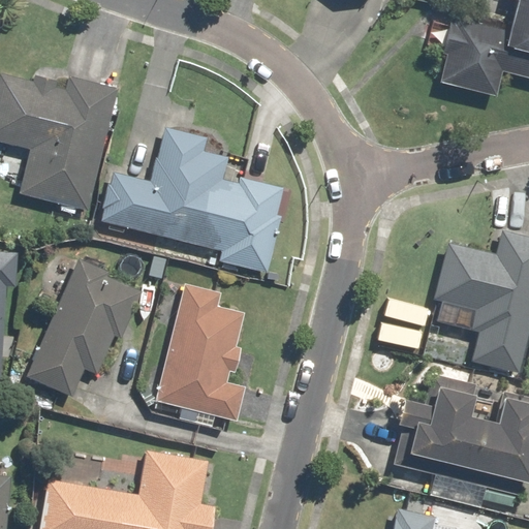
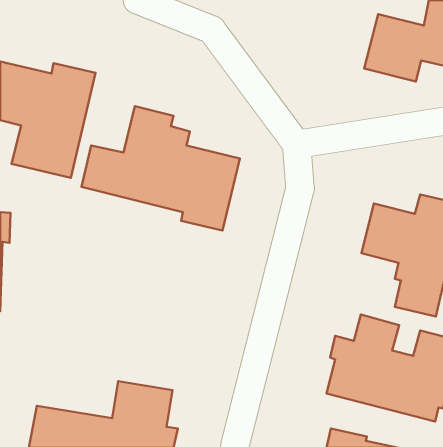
building: [26,257,142,397] -> none
building: [154,282,246,422] -> none

